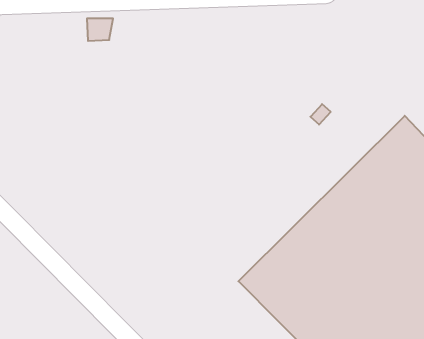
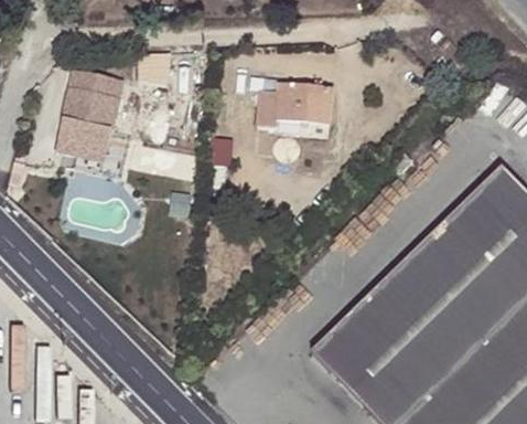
building: none -> [56,67,122,159]
building: none -> [258,82,333,125]

